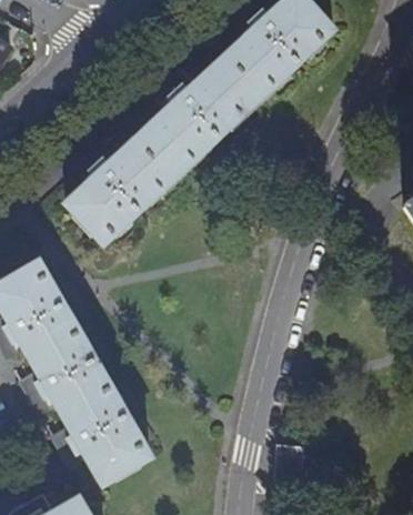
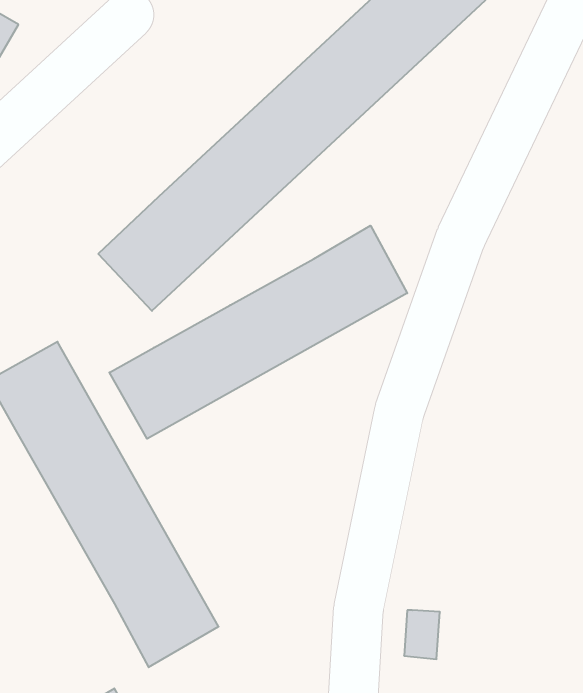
building: none -> [109,226,407,439]

